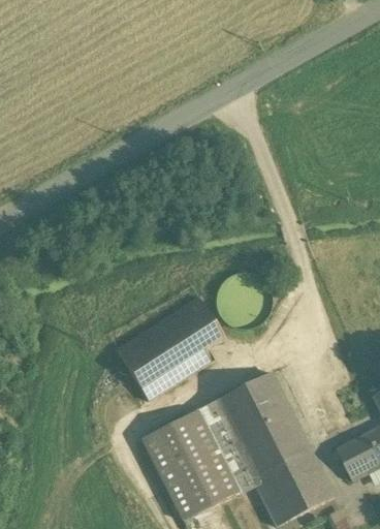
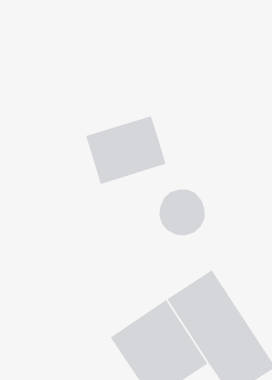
building: none -> [85,115,166,185]
building: [116,297,224,400] -> none

